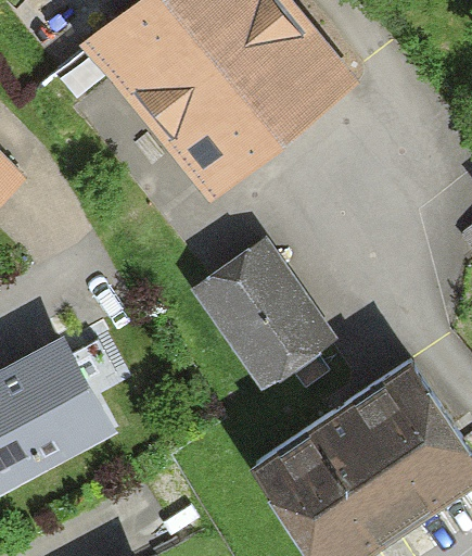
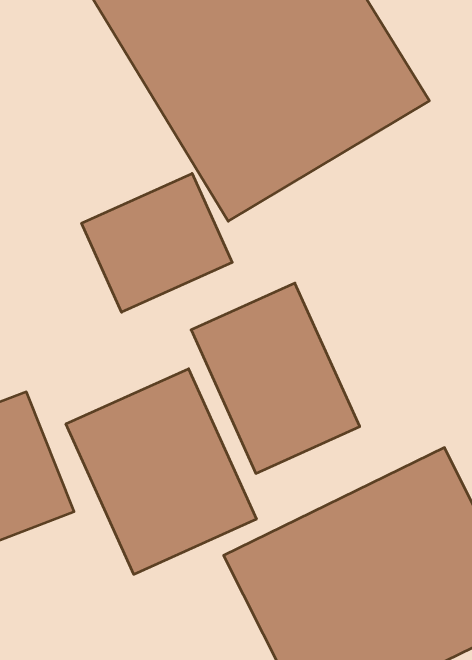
building: none -> [82,173,232,312]
building: none -> [66,369,256,574]

